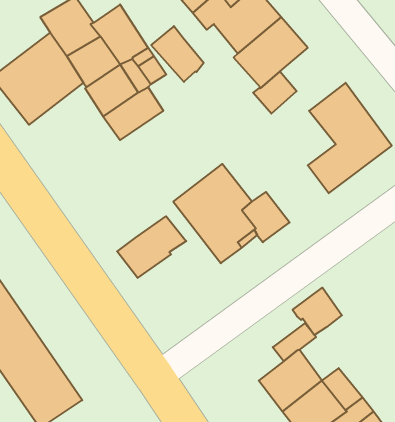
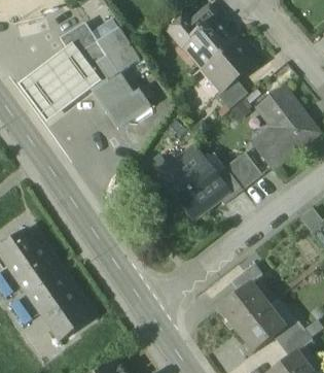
building: [151,26,204,82] -> none
building: none -> [224,150,261,189]
building: [117,216,186,278] -> none
building: [293,288,342,335] -> none

